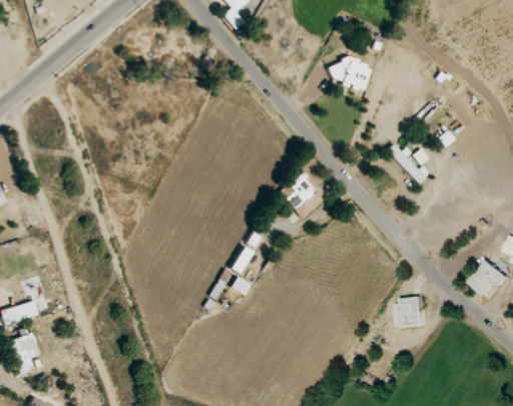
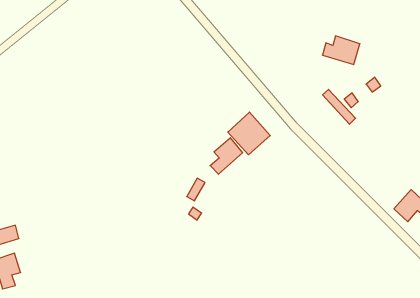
building: [328,56,371,89] -> [322,36,360,65]
building: none -> [210,138,243,174]
building: [400,297,425,326] -> none

